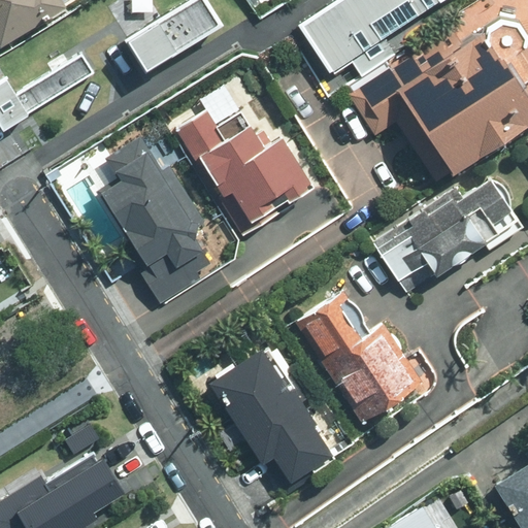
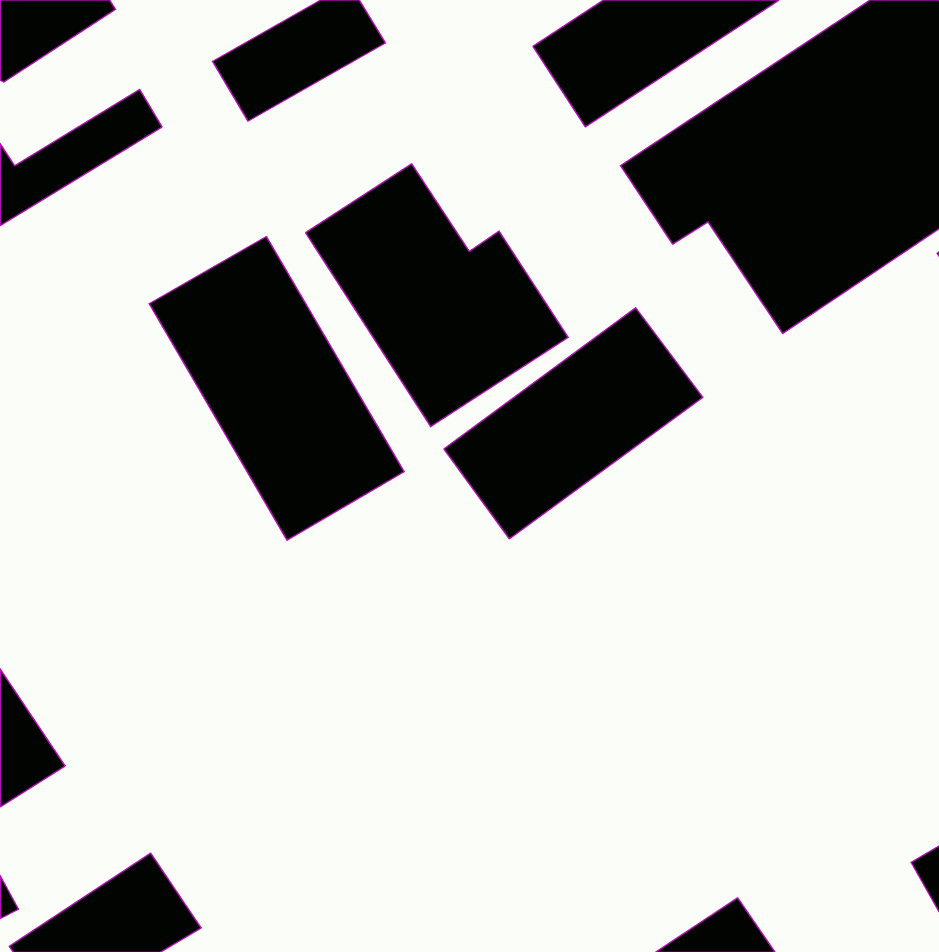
building: [376,175,520,303] -> [444,308,703,539]
building: [287,289,424,426] -> none
building: [208,346,329,496] -> none

